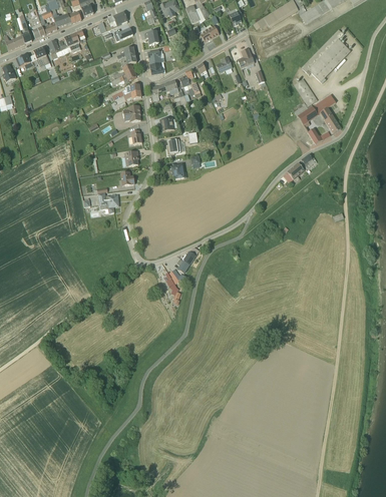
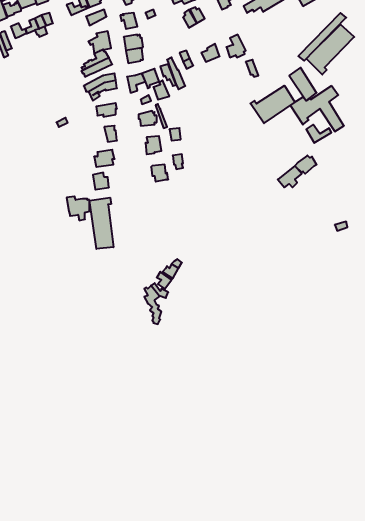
building: none -> [250,86,295,123]
building: none -> [89,198,113,249]

